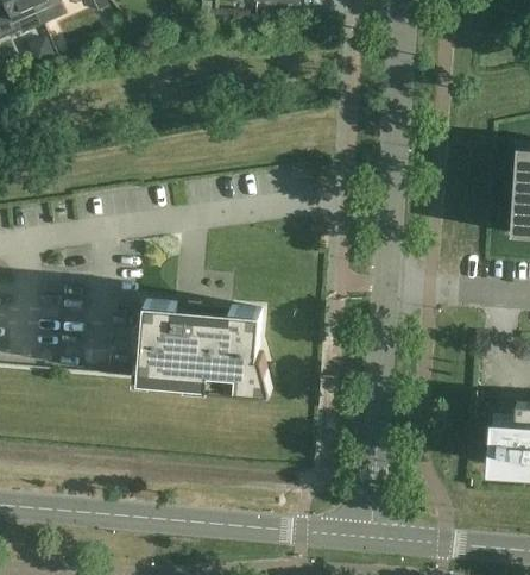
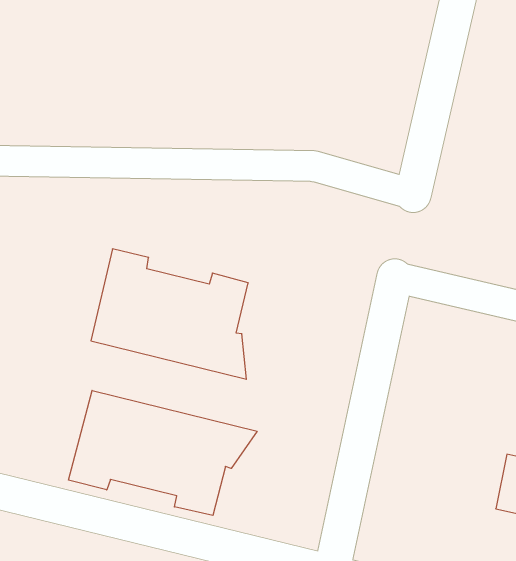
building: none -> [69,390,257,515]

